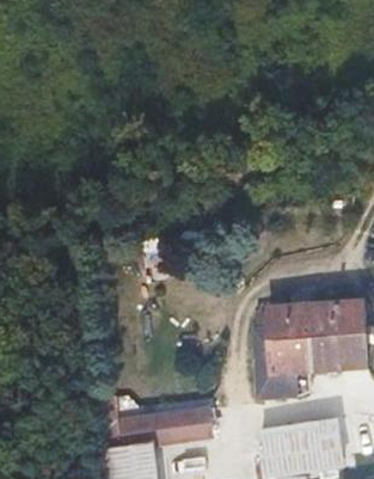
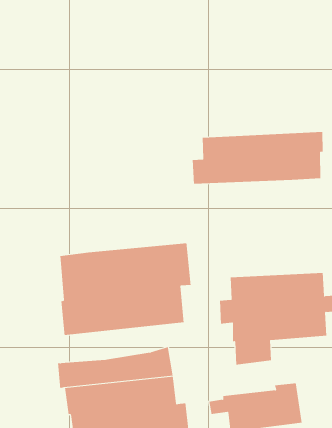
building: none -> [192,131,323,185]
building: none -> [60,243,191,336]

